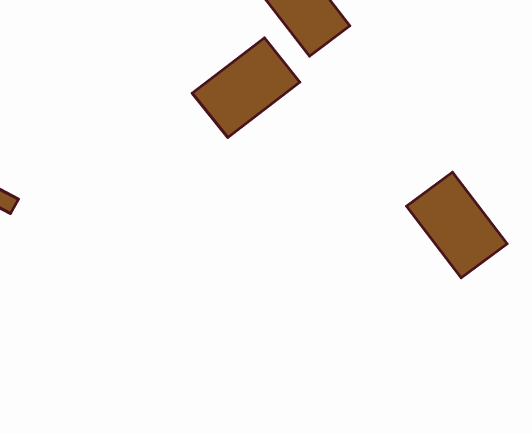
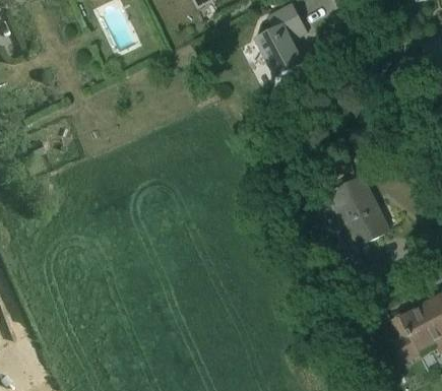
building: [192,38,300,138] -> none

